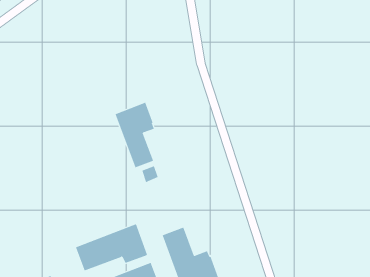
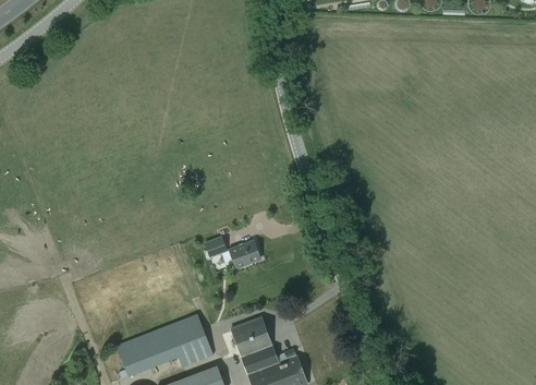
building: [115,102,154,168] -> none
building: none -> [229,240,260,267]

